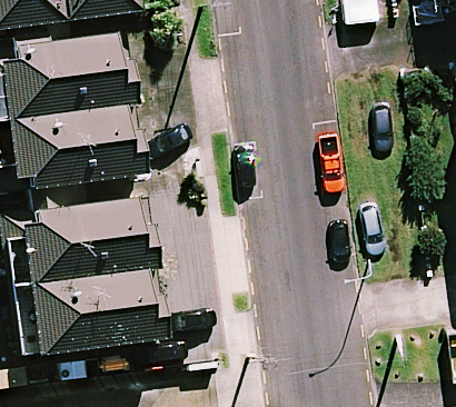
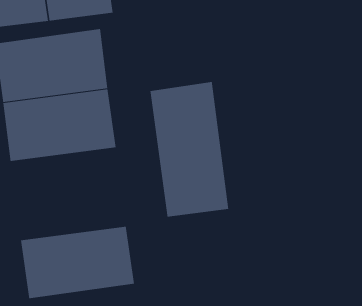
building: none -> [150,81,229,217]
building: [18,199,155,288] -> none

